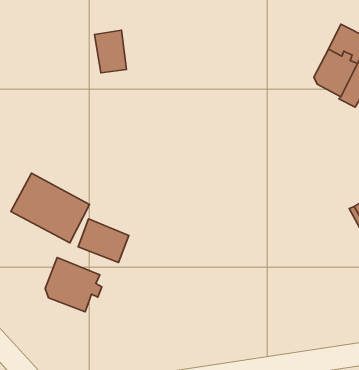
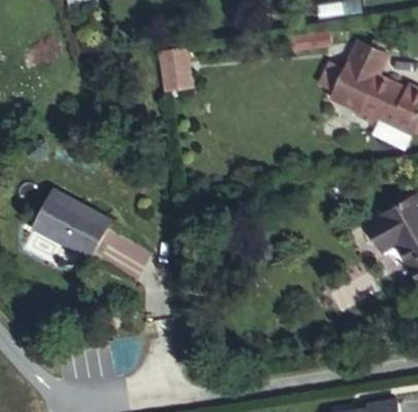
building: [95,30,127,73] -> [159,48,191,90]
building: [45,258,102,312] -> none

